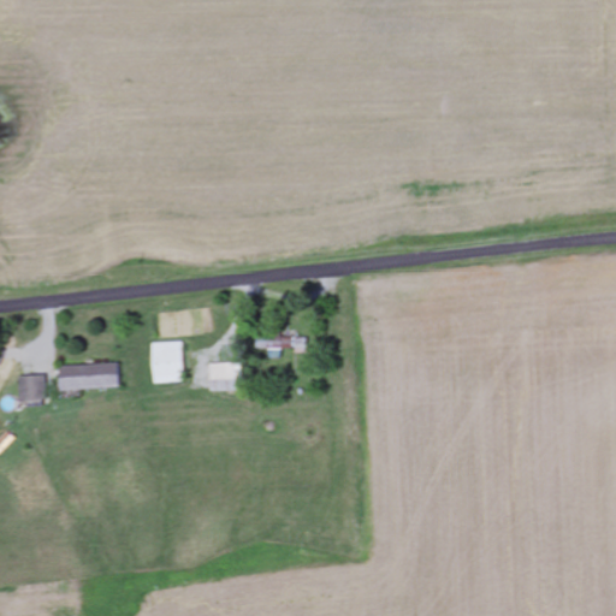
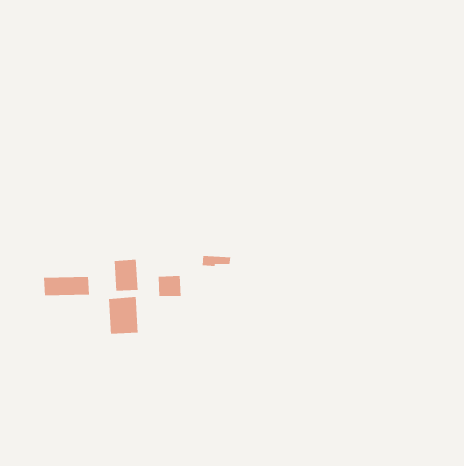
building: [17,374,45,401] -> none
building: none -> [109,296,138,334]

